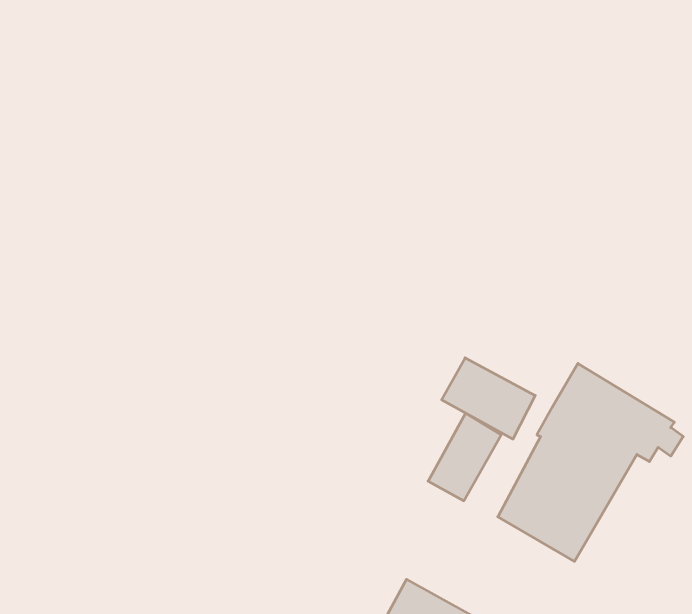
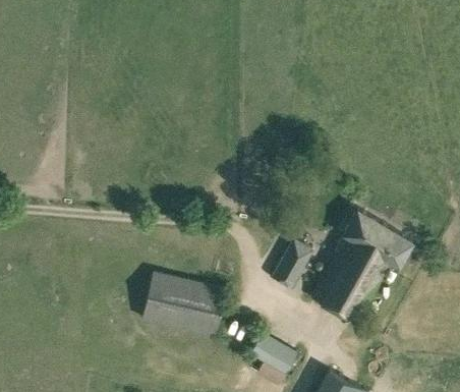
building: [442,358,535,439] -> none
building: none -> [140,271,226,338]

